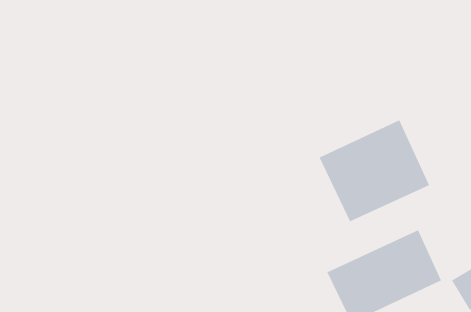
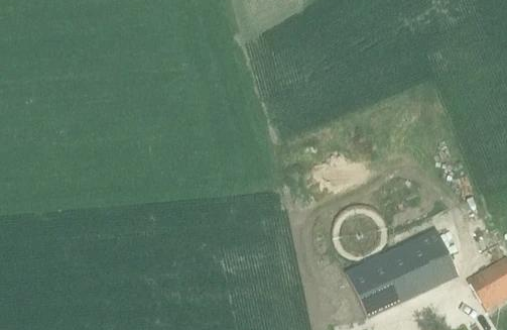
building: [319,120,430,222] -> none

